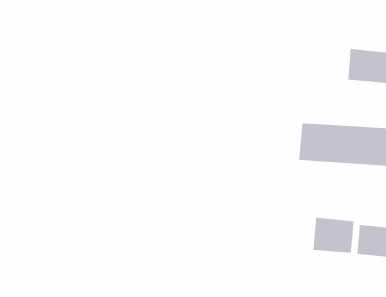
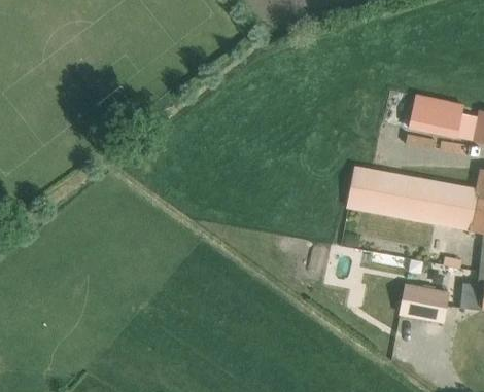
building: [312,217,355,254] -> none

